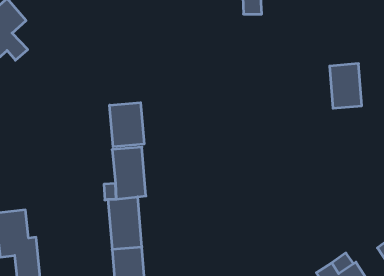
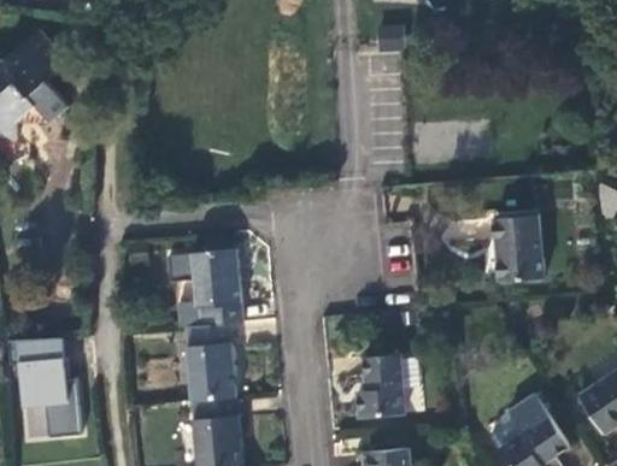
building: [330,64,362,108] -> [490,213,537,278]
building: [110,103,144,147] -> none
building: none -> [354,352,416,412]

